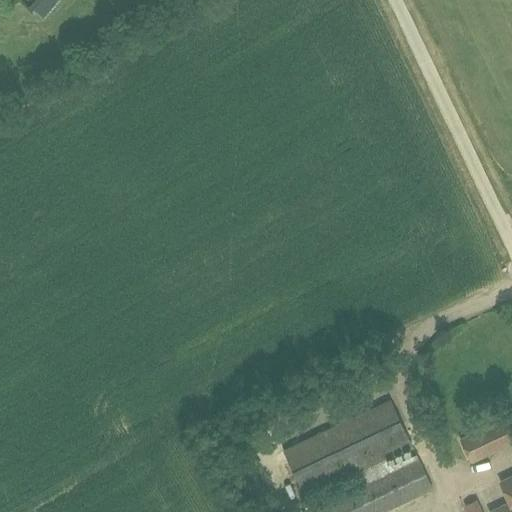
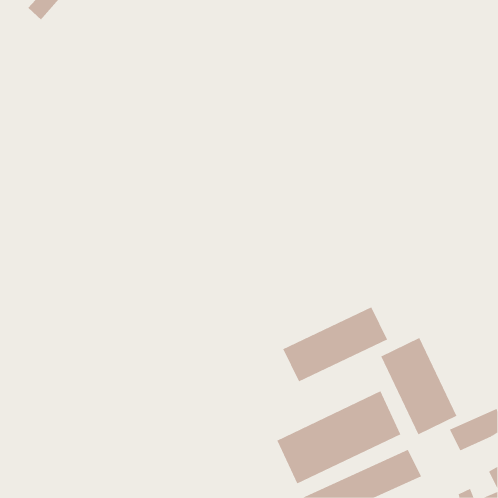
building: none -> [283,307,388,382]
building: none -> [381,337,457,435]

